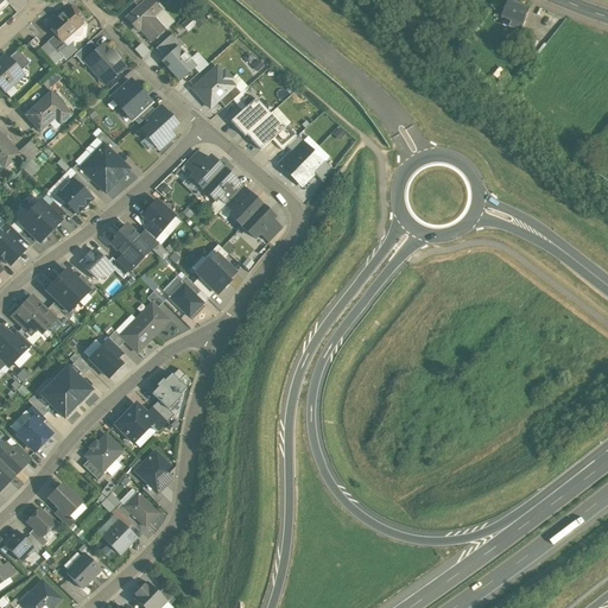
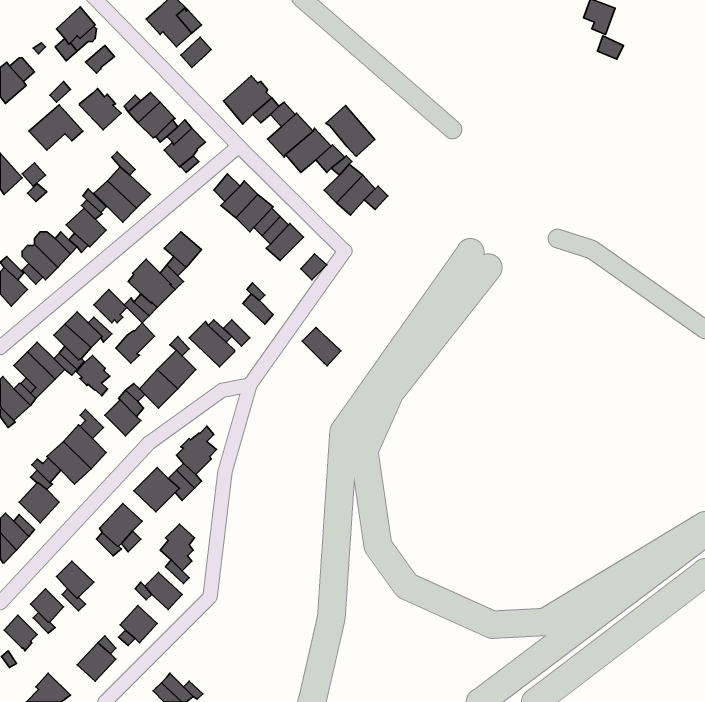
building: [87,45,122,81] -> [80,88,121,130]
building: [163,48,195,80] -> none
building: none -> [326,105,375,156]
building: [241,204,273,236] -> none
building: [196,260,229,293] -> [302,327,341,366]
building: none -> [116,323,154,363]
building: none -> [76,356,110,396]

